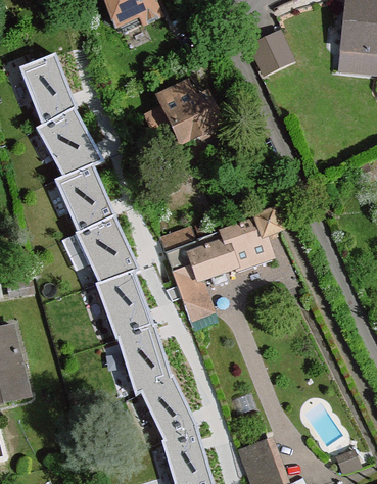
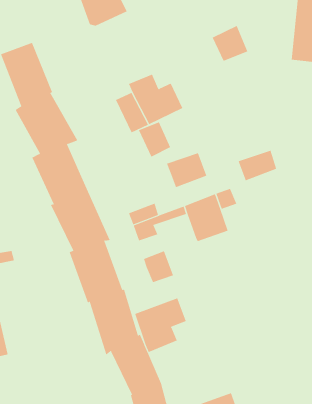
building: none -> [138,121,171,157]
building: none -> [238,150,277,181]
building: [188,240,233,279] -> [166,152,207,188]
building: none -> [135,298,187,353]

